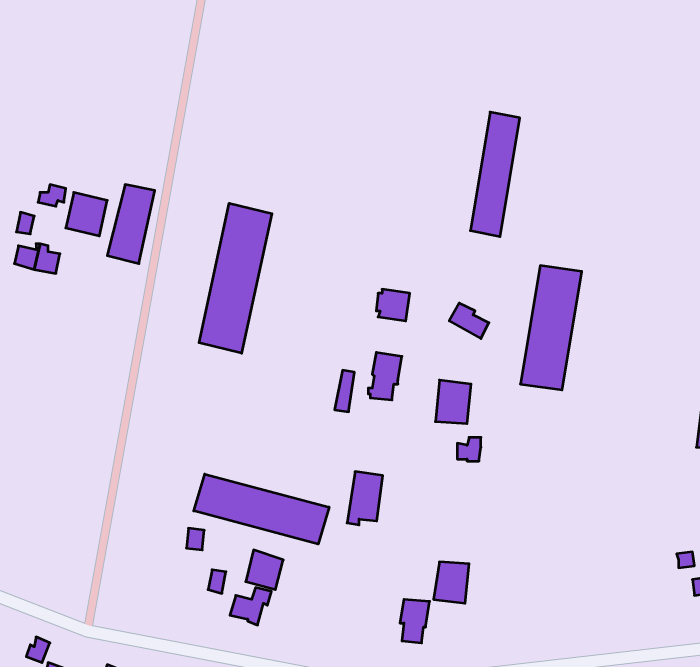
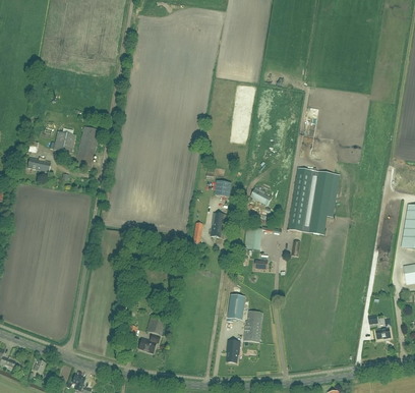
building: [470,112,520,237] -> [309,170,335,234]
building: [199,203,272,353] -> none
building: [347,472,383,525] -> [227,293,245,321]
building: [194,474,329,544] -> none

